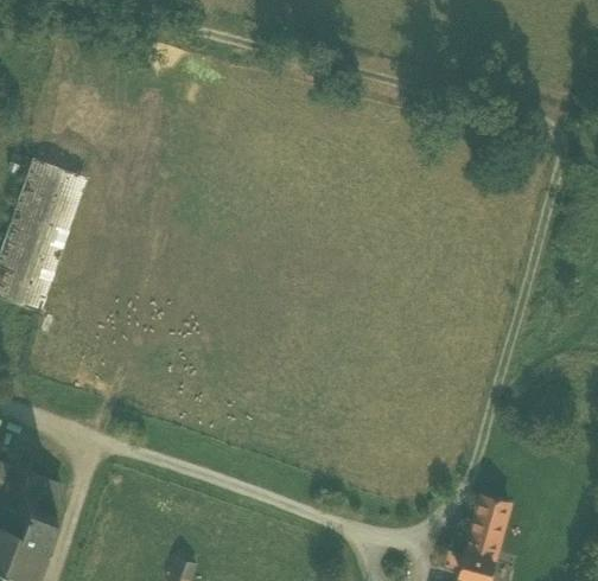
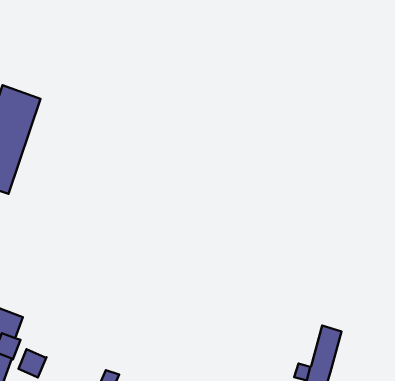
building: none -> [19,349,46,378]

